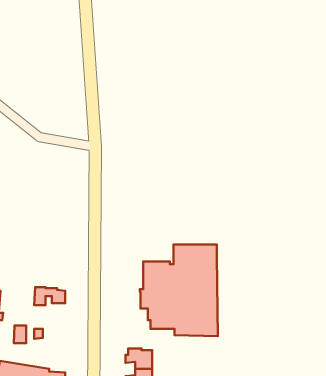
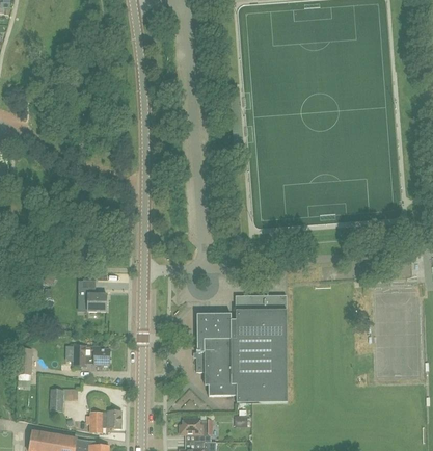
building: none -> [81,281,105,311]
building: none -> [89,410,120,432]

